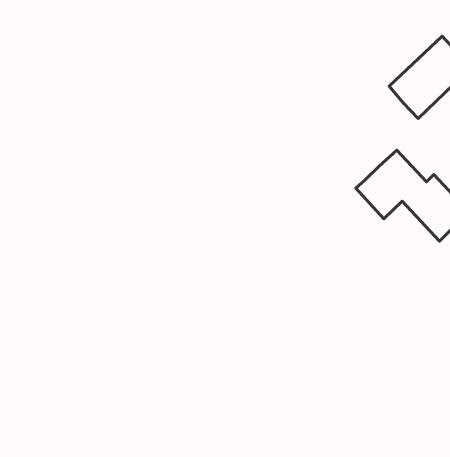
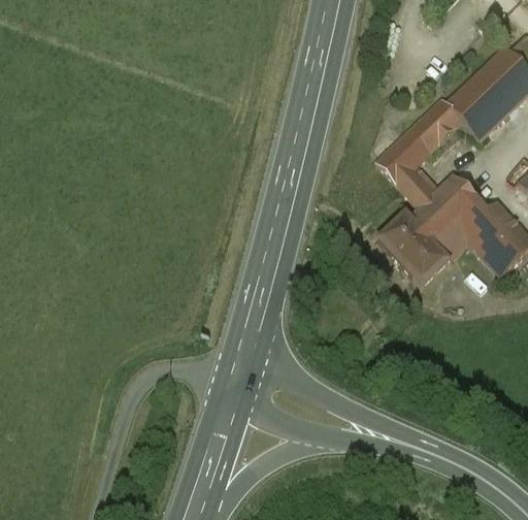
building: none -> [376,98,462,206]
building: none -> [380,213,440,283]

